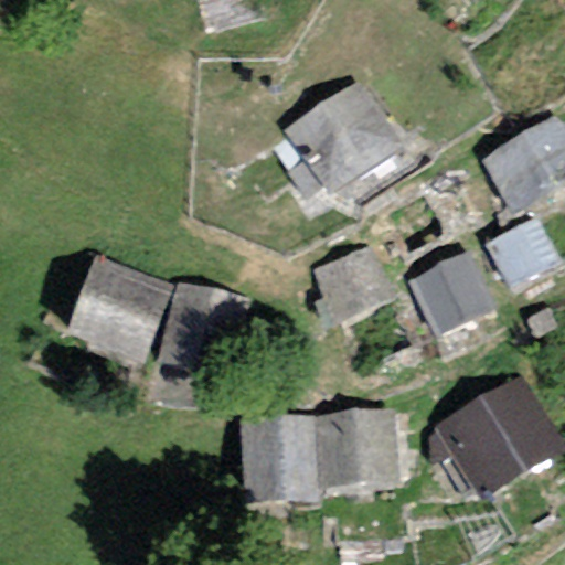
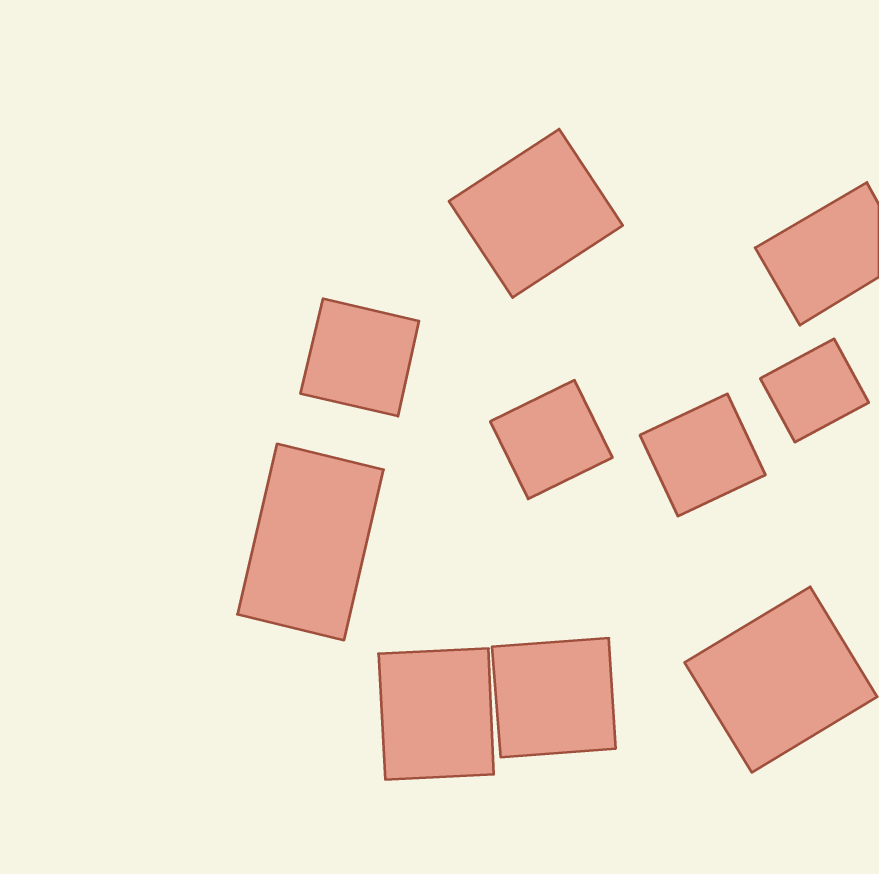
building: none -> [301,299,419,416]
building: [68,258,168,358] -> none

